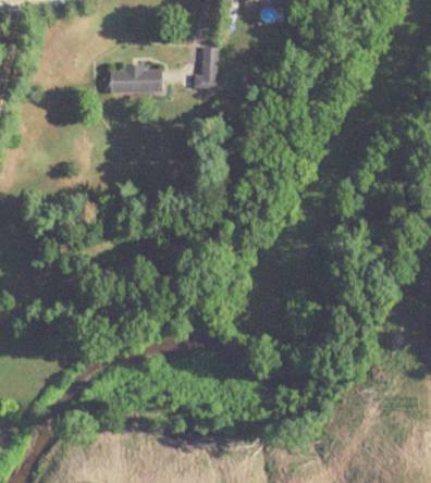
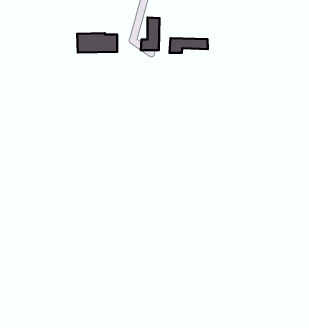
building: none -> [170,38,208,53]

